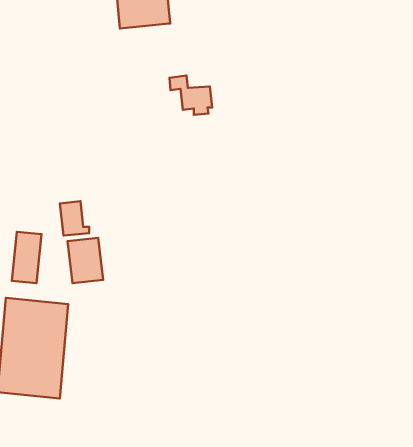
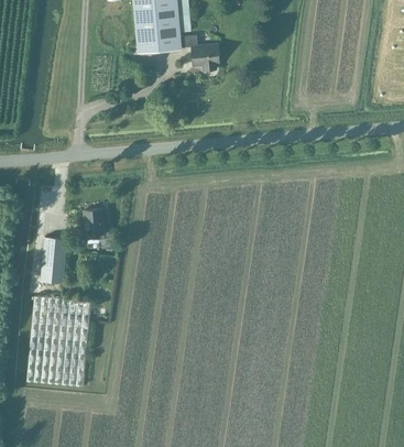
building: [169,76,212,115] -> [182,35,220,70]
building: [67,238,103,283] -> none

